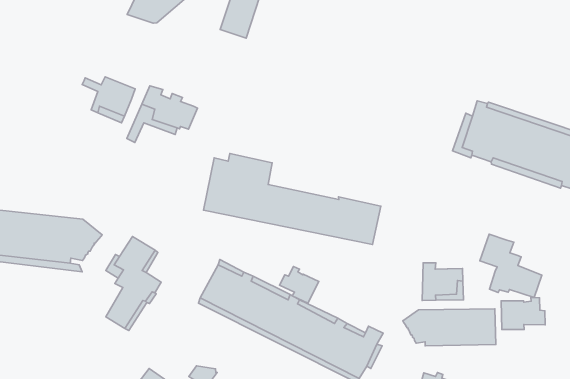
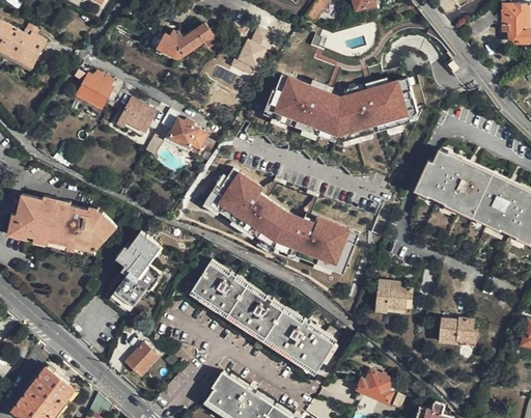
building: none -> [263,74,408,138]
building: none -> [77,74,114,108]
building: [480,234,542,298] -> none
building: [280,266,319,303] -> none
building: [403,309,496,346] -> none

